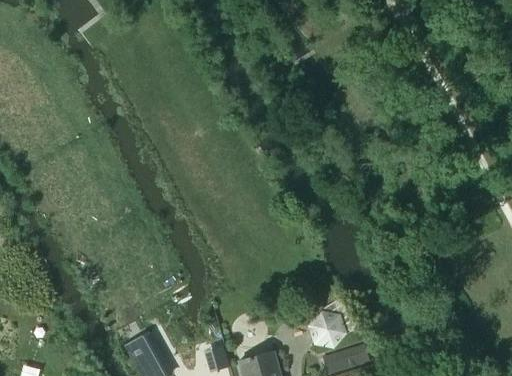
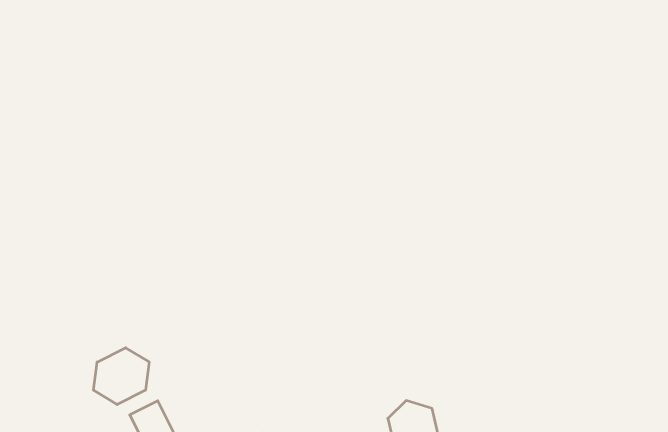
building: none -> [94,348,149,405]

